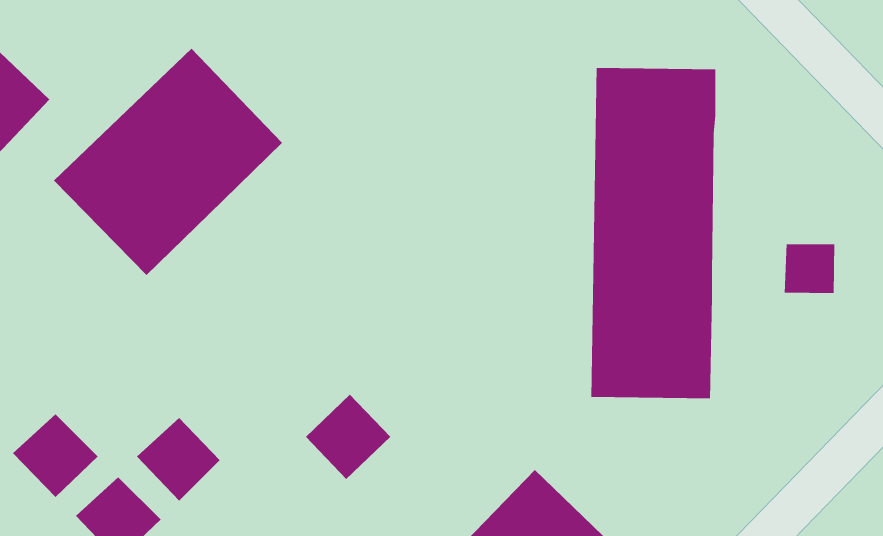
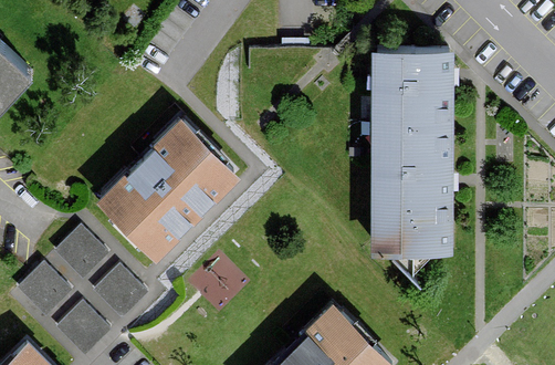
building: [53,48,283,276] -> [98,118,240,259]
building: [784,243,835,294] -> none
building: none -> [52,230,105,282]

